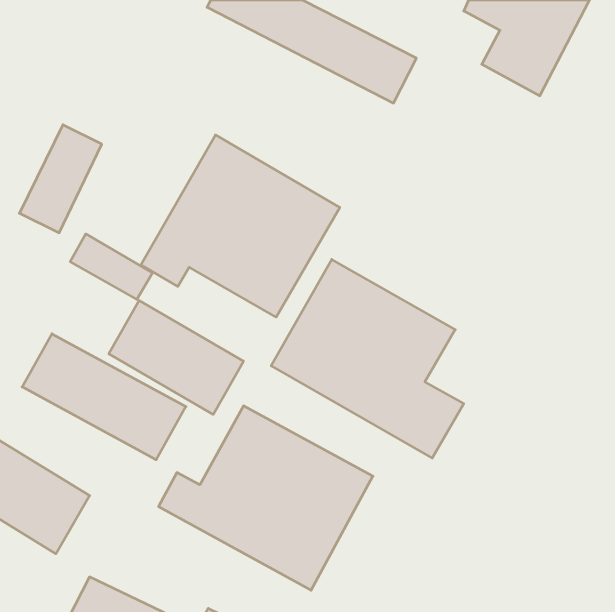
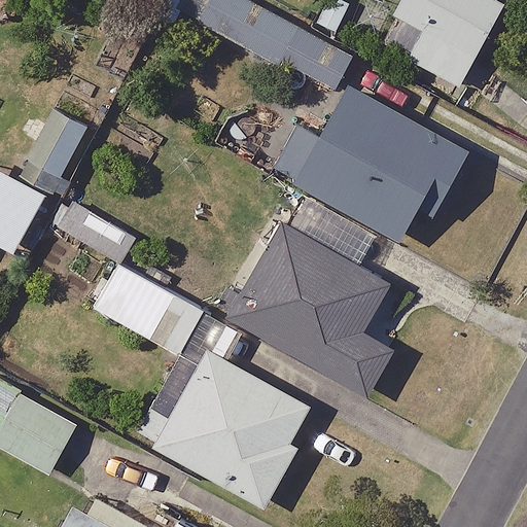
building: none -> [273,86,466,239]
building: [141,135,340,317] -> none
building: [22,334,186,460] -> none

